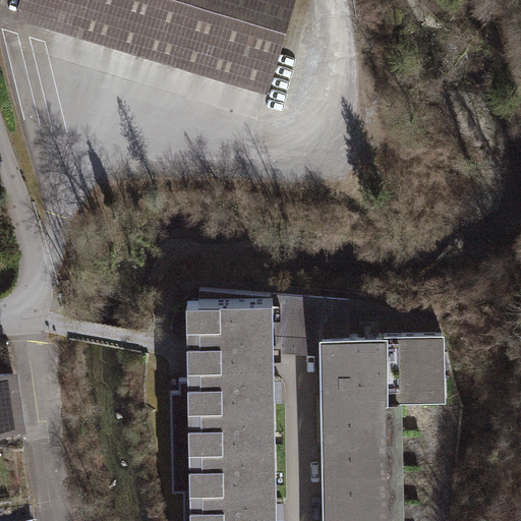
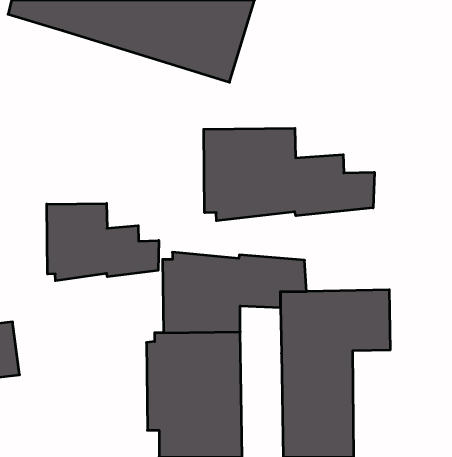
building: none -> [204,128,374,221]
building: none -> [47,203,159,281]

